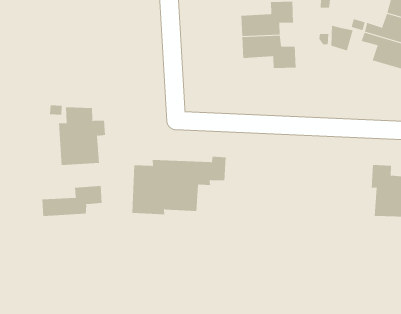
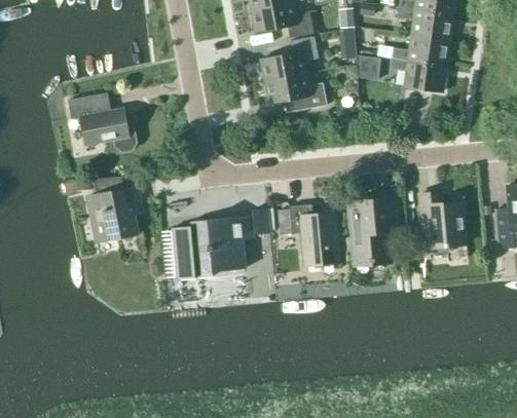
building: none -> [68,93,135,150]
building: none -> [278,203,339,265]
building: none -> [349,196,398,261]
building: [42,185,102,217] -> none

